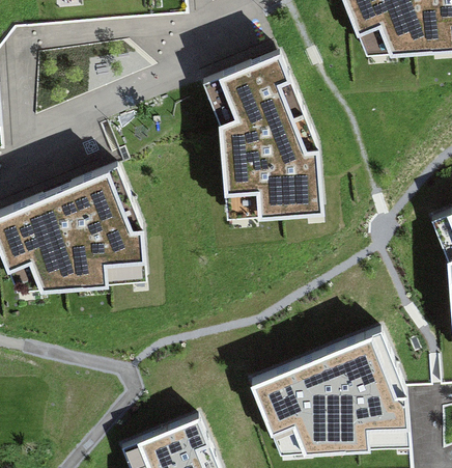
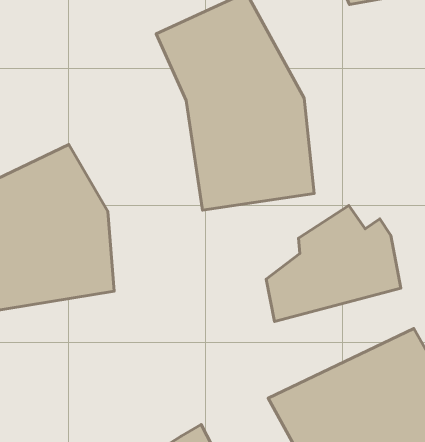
building: none -> [266,206,401,322]

